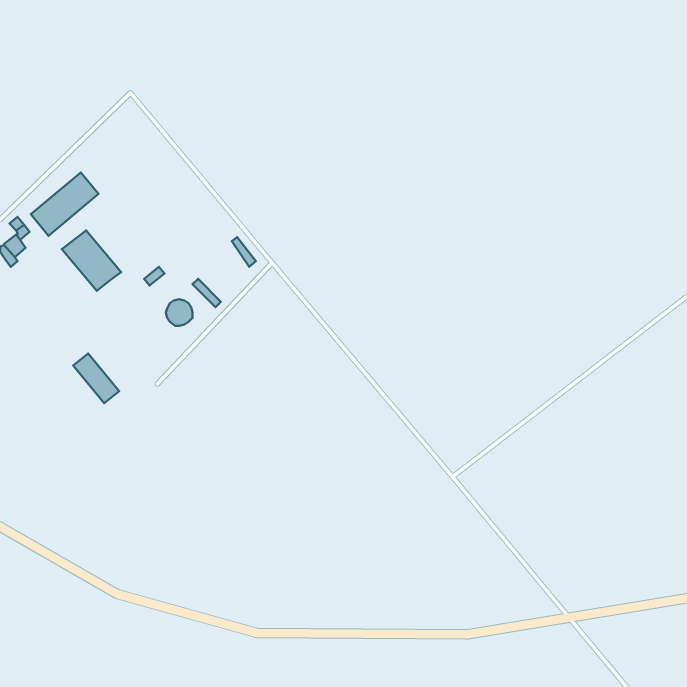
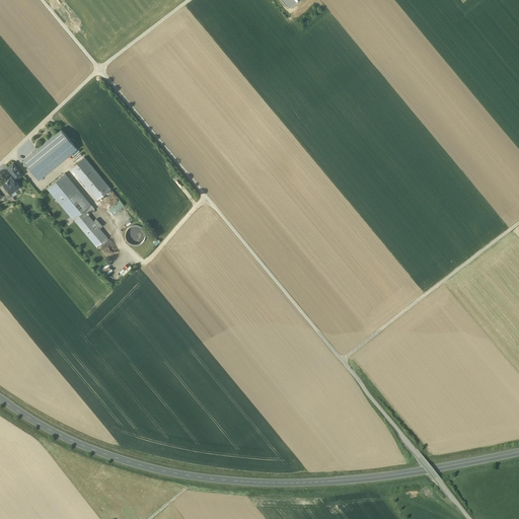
building: none -> [72,158,112,201]
building: [73,353,119,403] -> [74,211,108,248]

